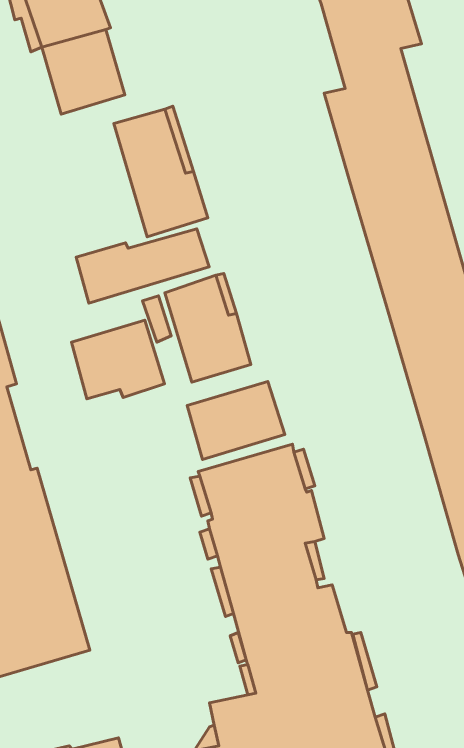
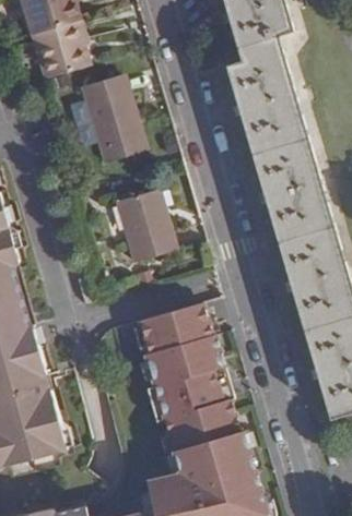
building: [76,229,209,303] -> none
building: [72,320,164,399] -> none
building: [187,381,285,459] -> none

